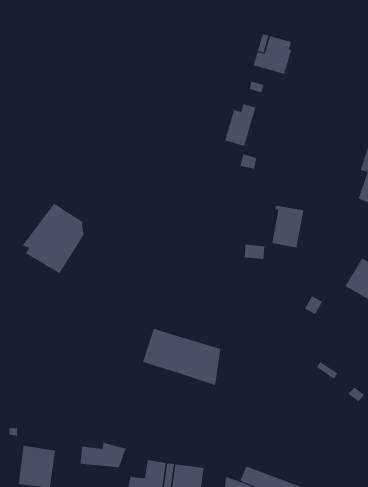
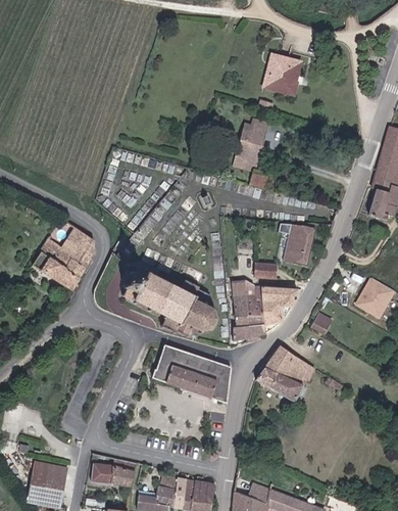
building: none -> [118,265,218,336]
building: none -> [232,279,295,341]
building: none -> [257,346,315,404]

